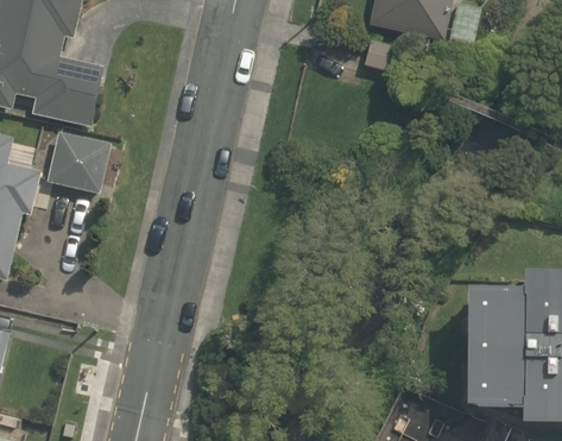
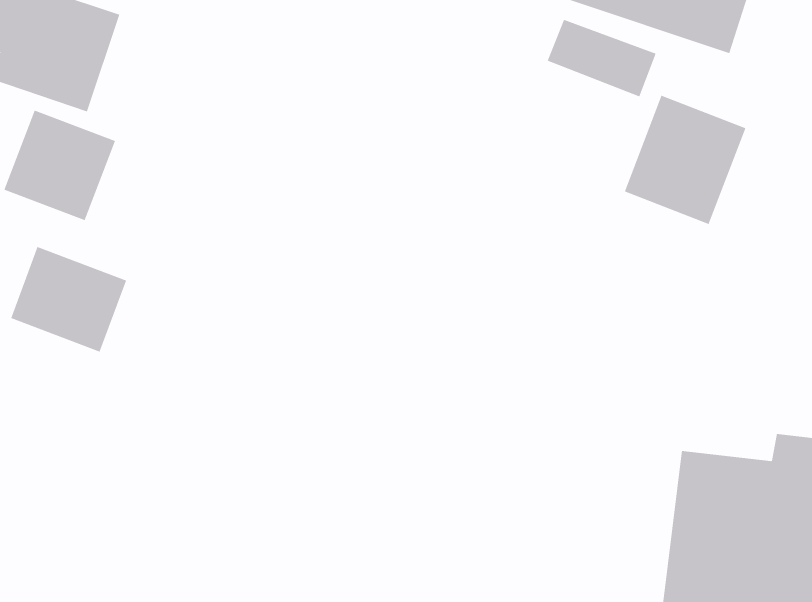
building: none -> [624,95,746,225]
building: none -> [10,246,127,353]

